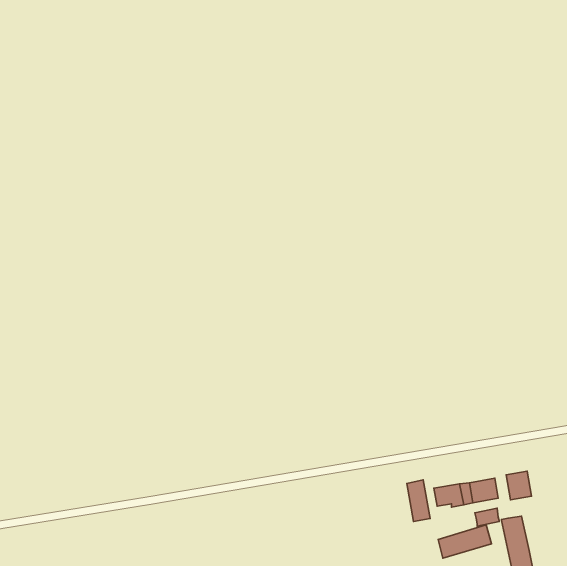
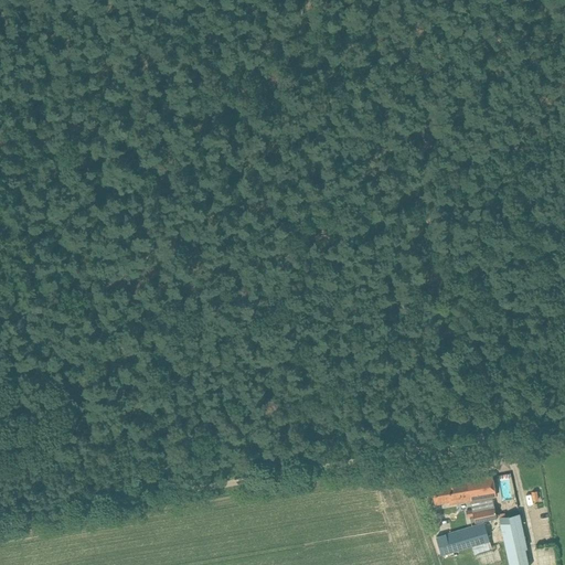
building: [506,471,531,500] -> none
building: [407,480,430,521] -> none

